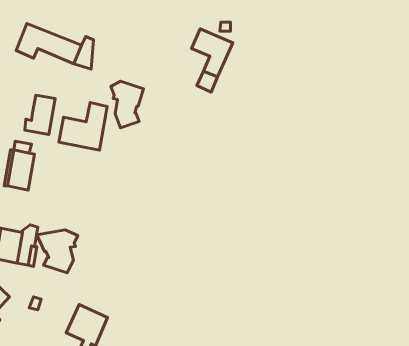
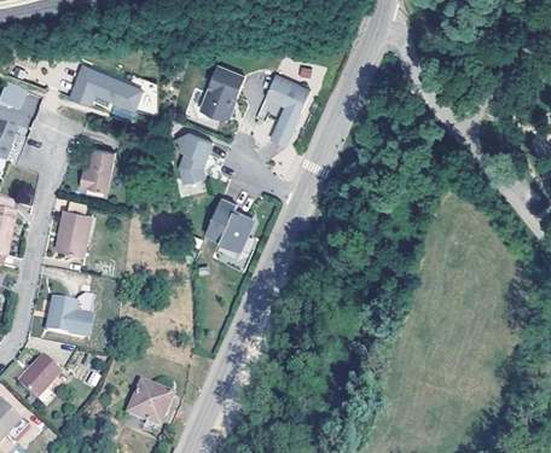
building: none -> [199,66,243,120]
building: [59,103,107,150] -> none
building: none -> [204,199,253,251]
building: [37,230,78,273] -> none

